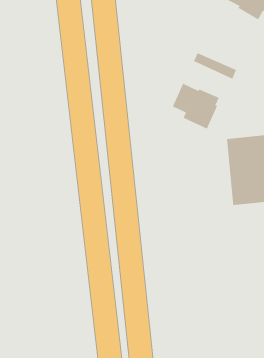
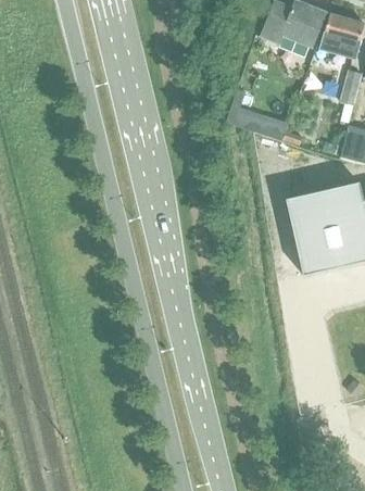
building: [172,83,219,130] -> none

